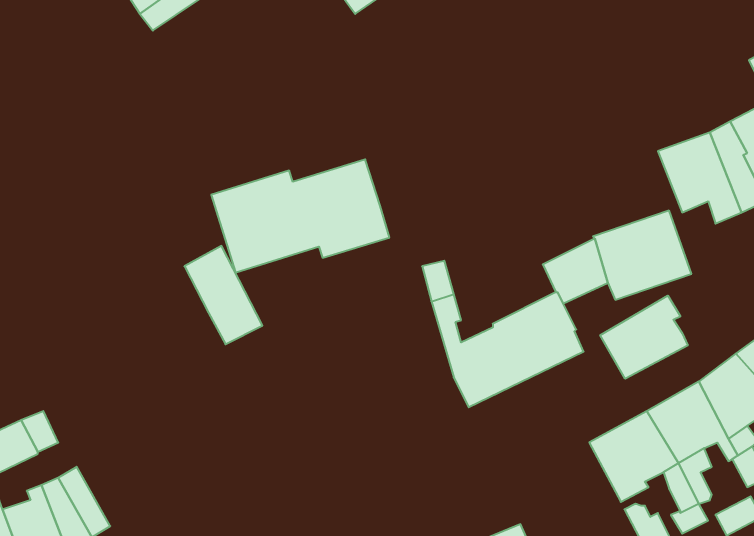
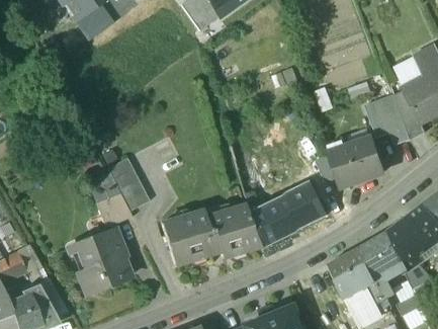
building: [211,159,389,273] -> [162,202,259,264]
building: [600,296,688,379] -> none
building: none -> [96,192,133,226]
building: none -> [75,229,129,292]

